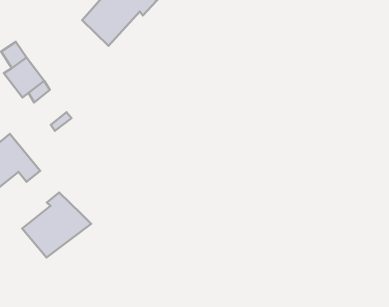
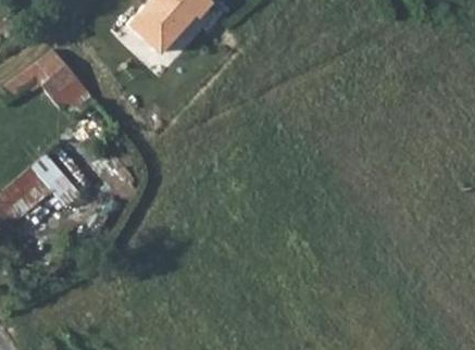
building: [22,193,91,257] -> none

